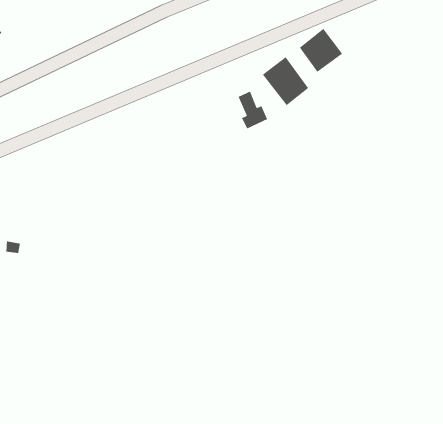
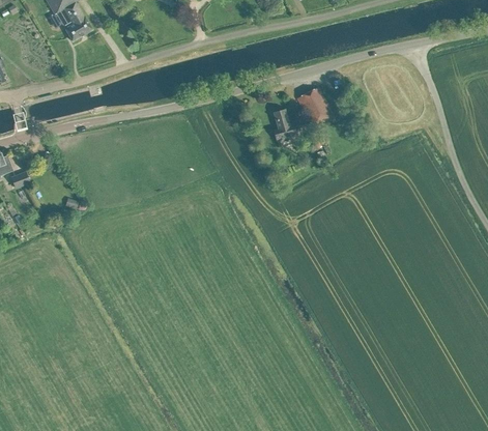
building: [299,28,343,73] -> none

